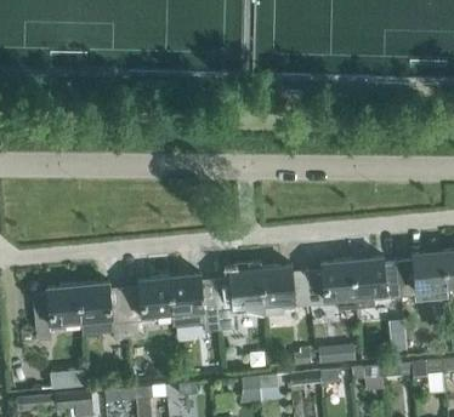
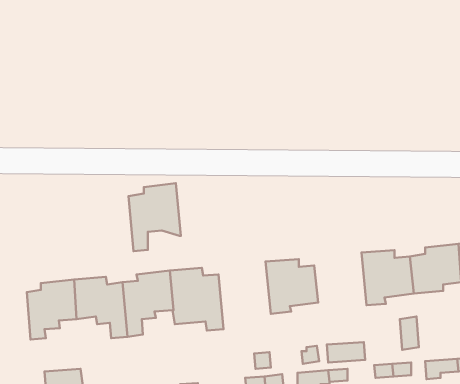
building: [307,261,357,313] -> none
building: [216,269,266,333] -> [129,183,181,251]

